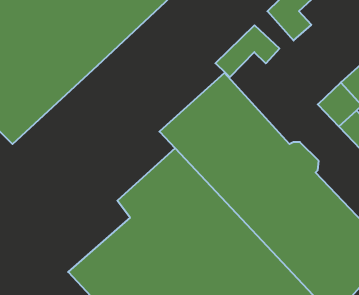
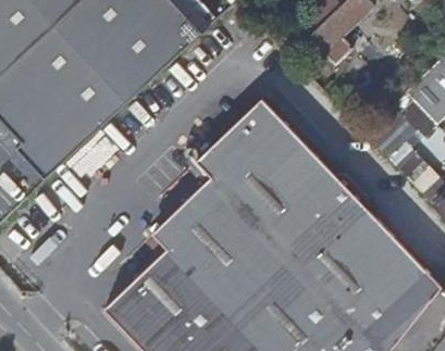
building: [215,25,279,77] -> none

